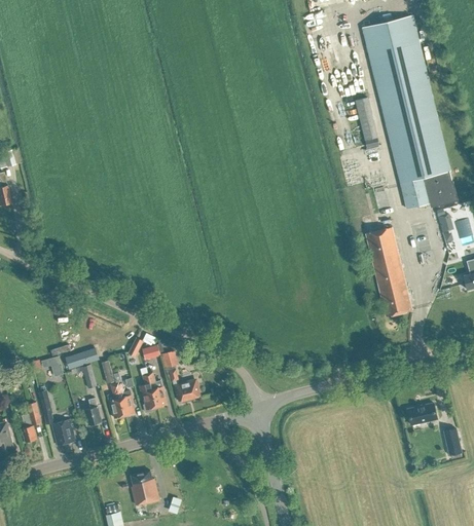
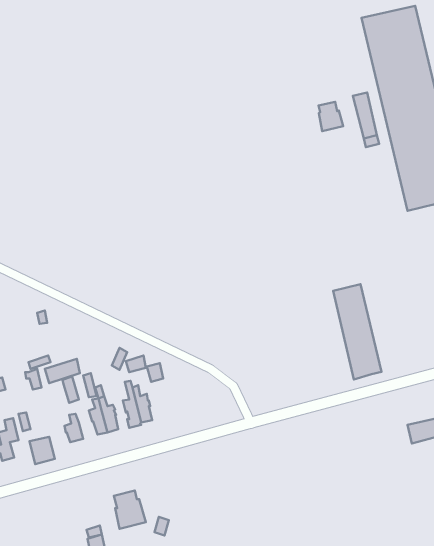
building: none -> [319,102,343,131]
building: [366,228,411,317] -> [333,284,381,380]
building: [170,370,199,402] -> none

